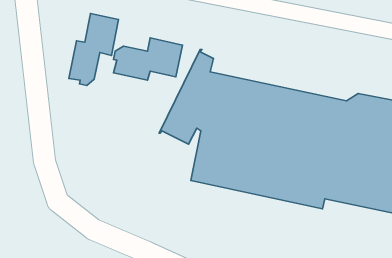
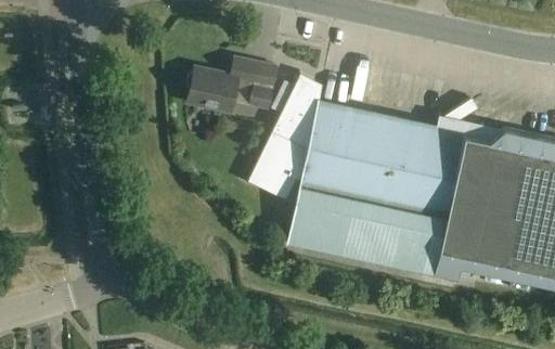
building: [69,14,119,85] -> none

